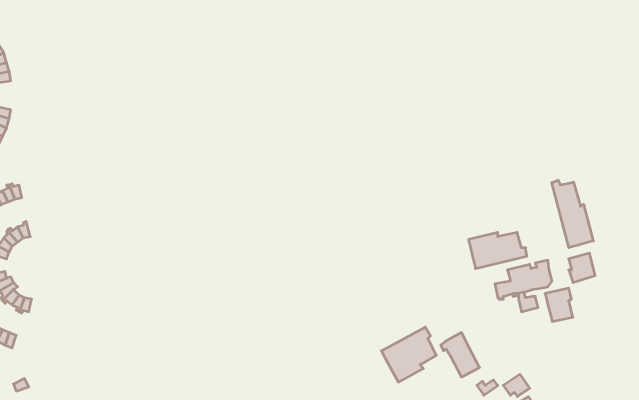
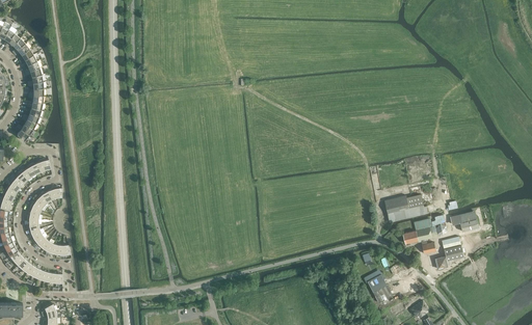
building: [552,180,593,248] -> none
building: [381,327,436,382] -> none

